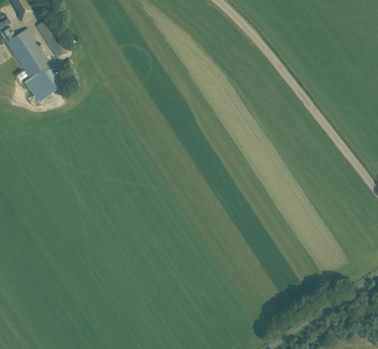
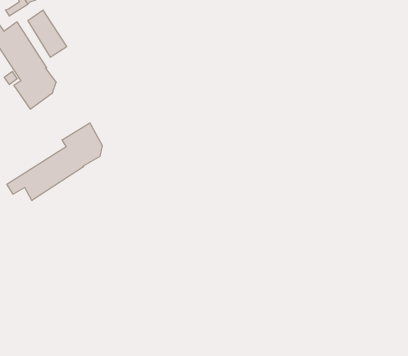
building: none -> [7,123,102,201]

